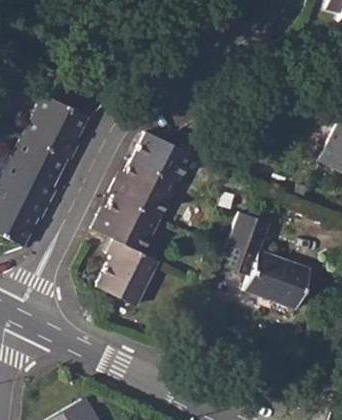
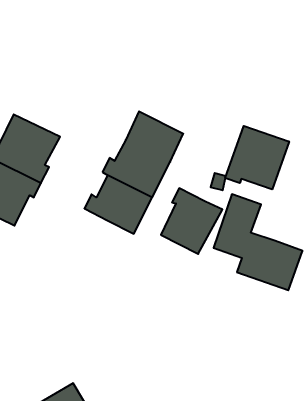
building: [23,89,90,158] -> none
building: none -> [225,126,289,189]
building: [98,239,159,304] -> [161,188,222,254]

